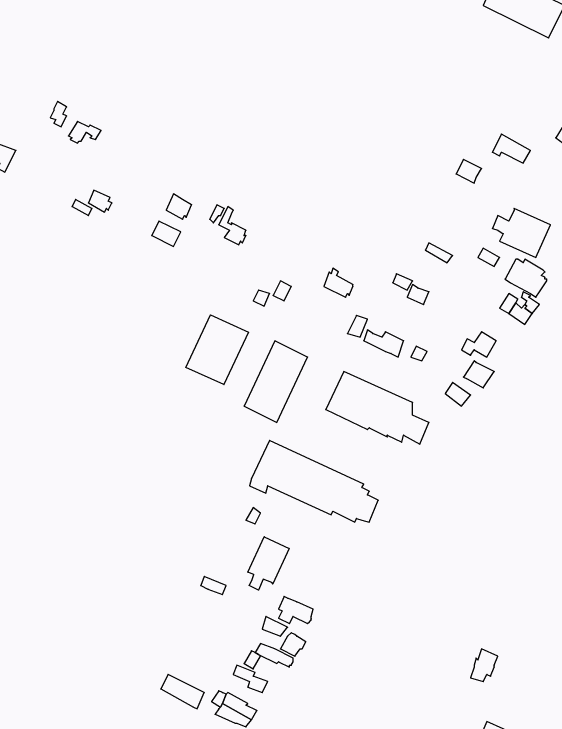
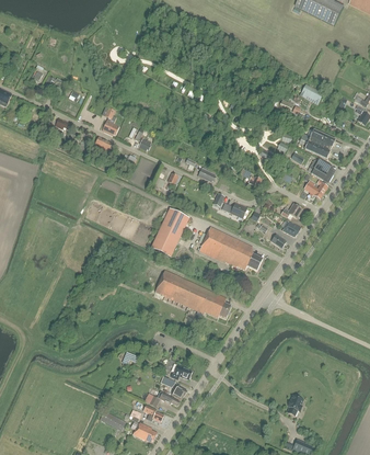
building: [186,315,249,385] -> none
building: [248,537,289,590] -> none

